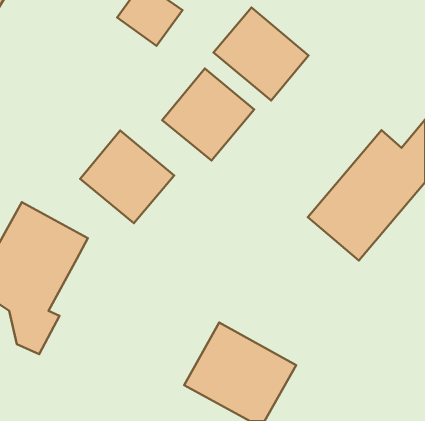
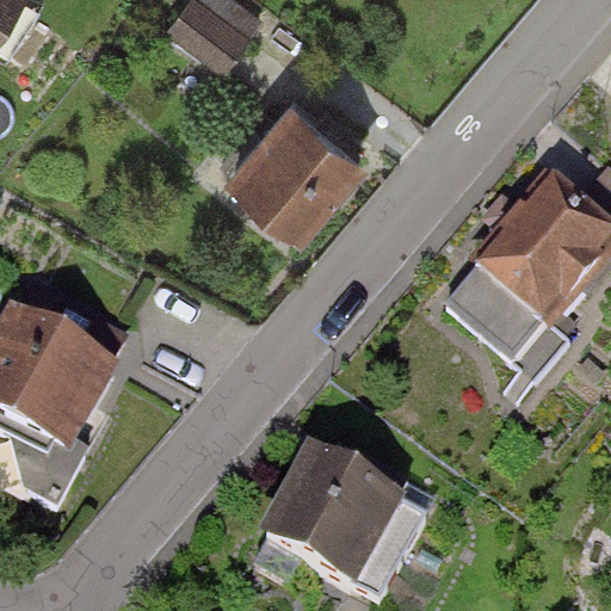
building: [213,7,308,100] -> none
building: [80,131,174,223] -> none

